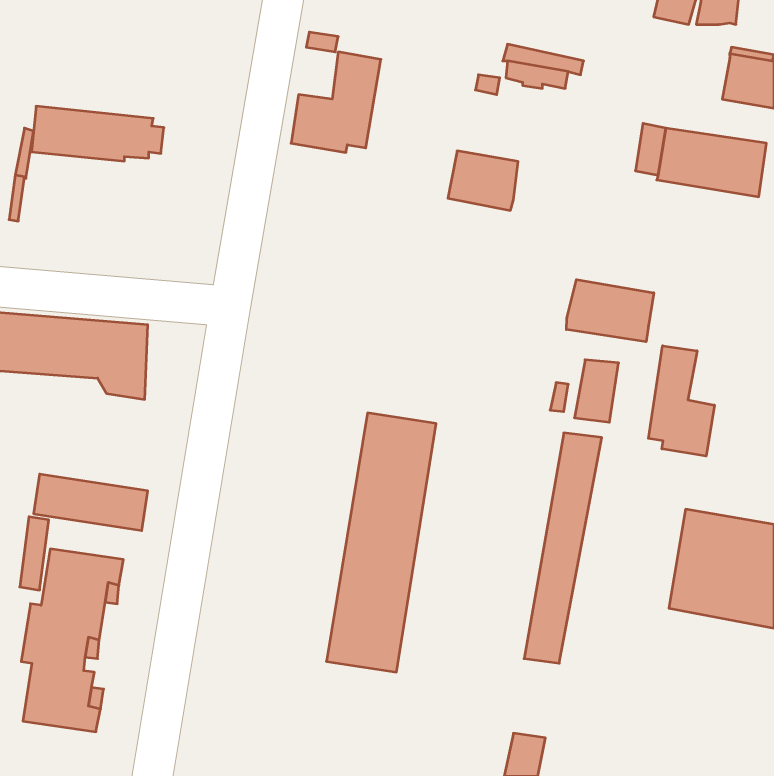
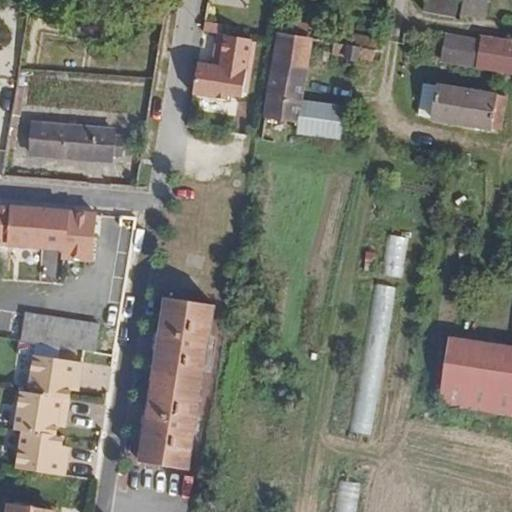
building: none -> [264,31,311,120]
building: none -> [437,31,479,67]
building: [31,106,164,161] -> [29,122,116,158]
building: [566,280,654,342] -> none
building: [648,346,714,456] -> none
building: [326,413,436,672] -> [144,300,216,470]

